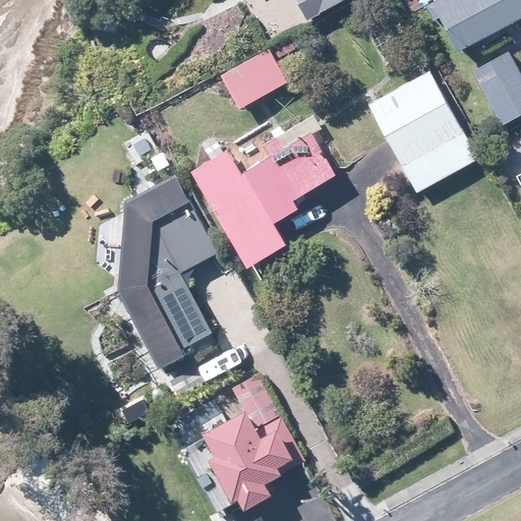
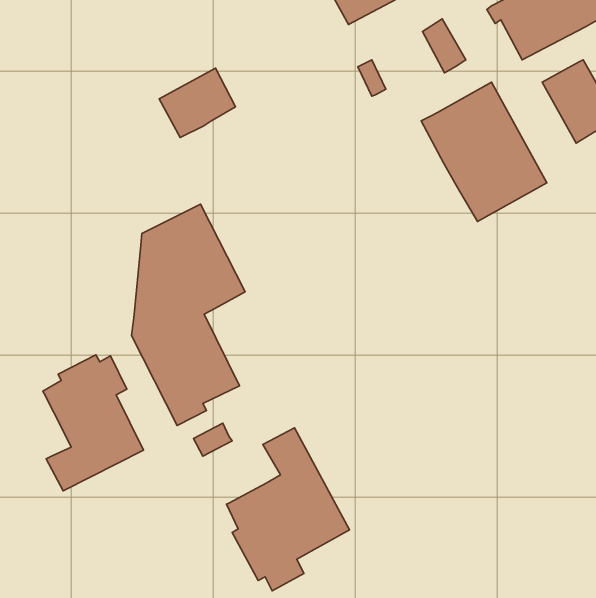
building: [221,48,287,108] -> [159,68,235,137]
building: [190,116,335,270] -> none
building: none -> [43,355,144,491]

